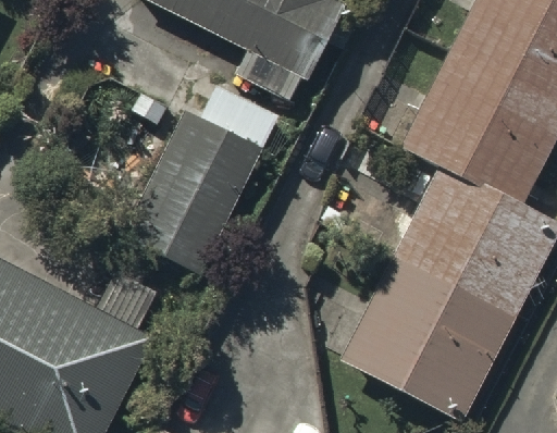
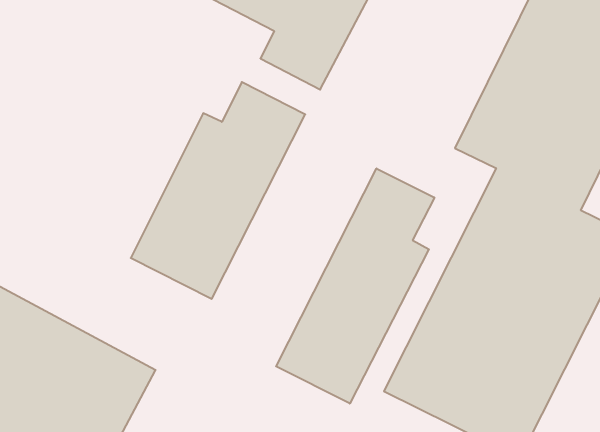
building: none -> [276,168,434,404]

